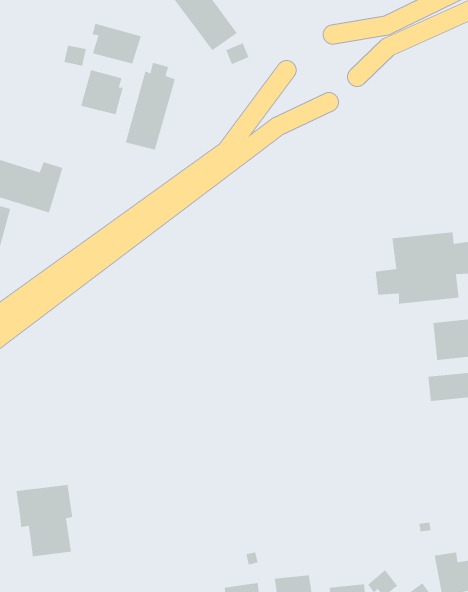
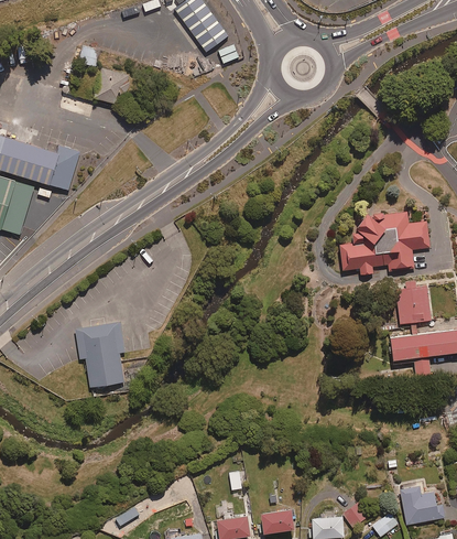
building: [92,23,142,64] -> none
building: [125,62,176,150] -> none
building: [15,484,73,557] -> [76,323,126,386]

